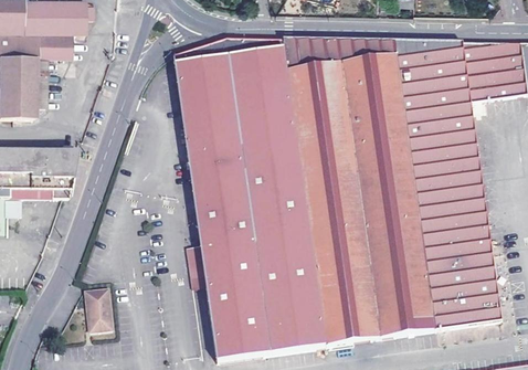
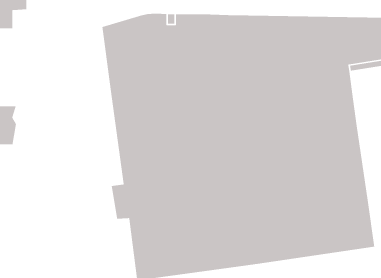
building: [85,289,112,331] -> none

